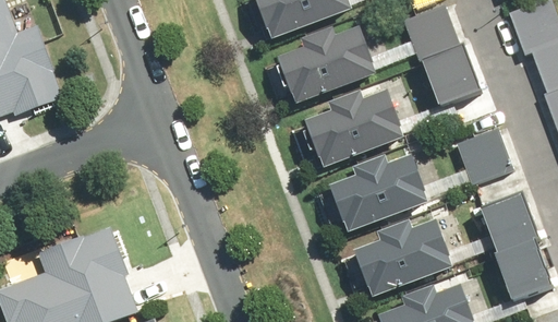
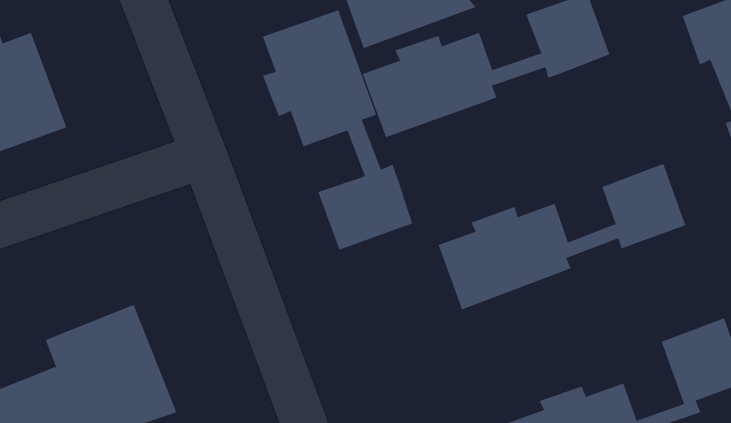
building: none -> [262,9,413,251]
building: [305,43,484,166] -> none
building: [354,189,539,298] -> none

